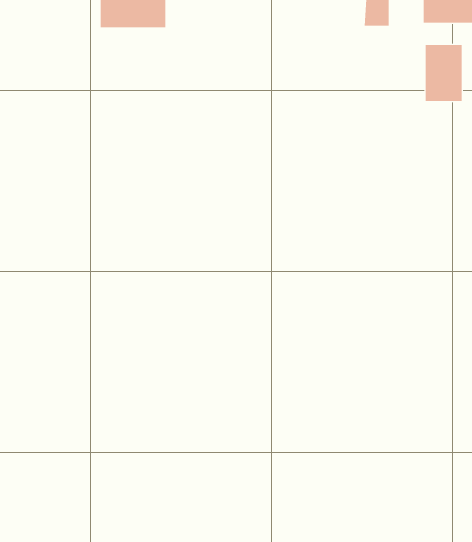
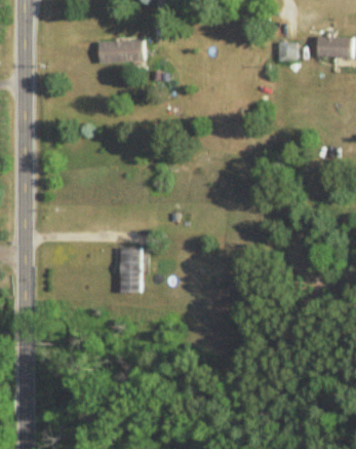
building: [425,44,462,102] -> none
building: none -> [120,247,140,292]

